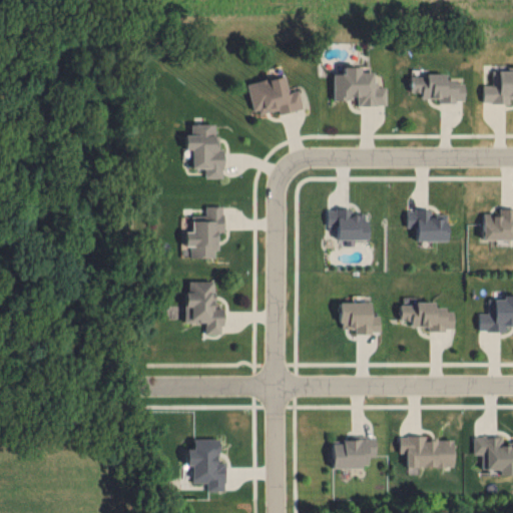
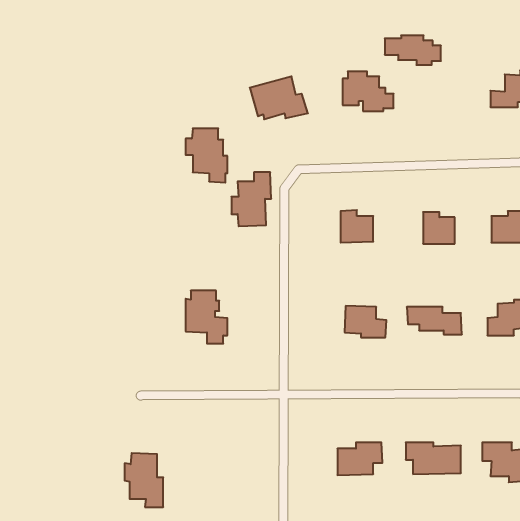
building: [410,76,465,105] -> [385,35,441,65]
building: [183,209,222,263] -> [231,172,271,226]
building: [187,437,225,490] -> [125,453,163,507]

